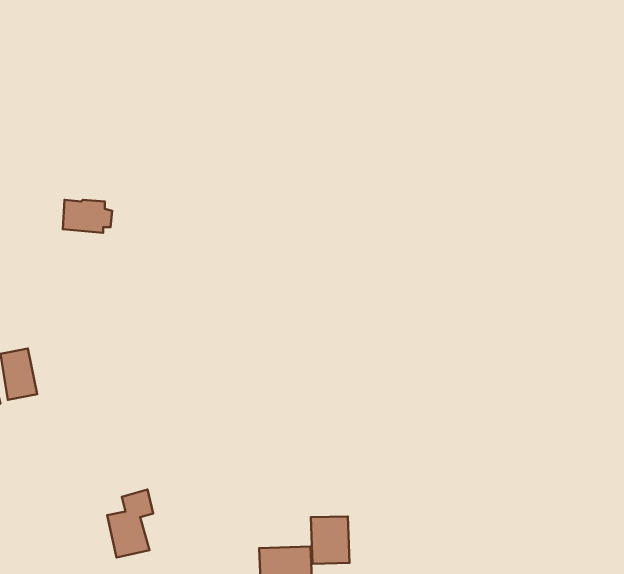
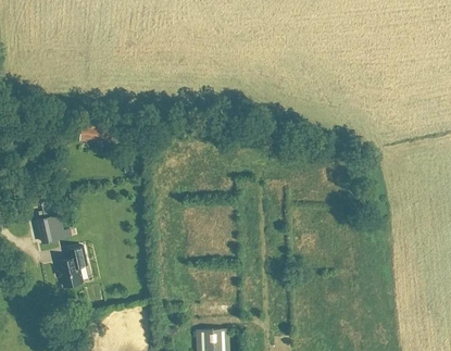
building: [107,490,153,557] -> [58,245,85,285]
building: [311,516,349,564] -> none

